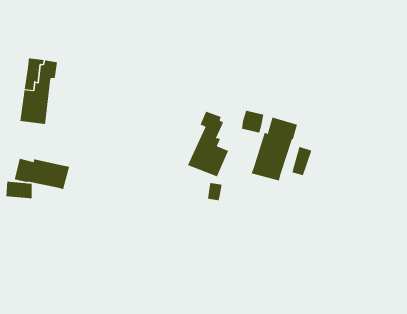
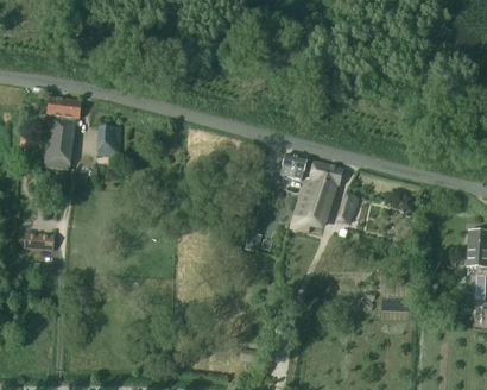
building: none -> [99,126,120,157]
building: [187,111,229,177] -> none
building: [14,158,70,190] -> none

